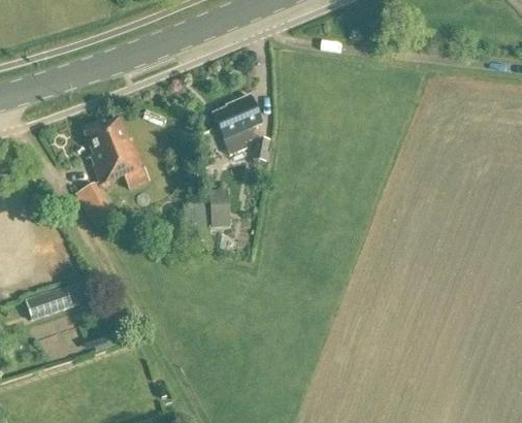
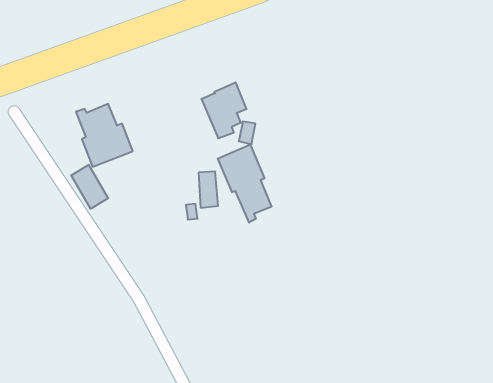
building: none -> [218,145,272,223]
building: [26,284,73,319] -> none

